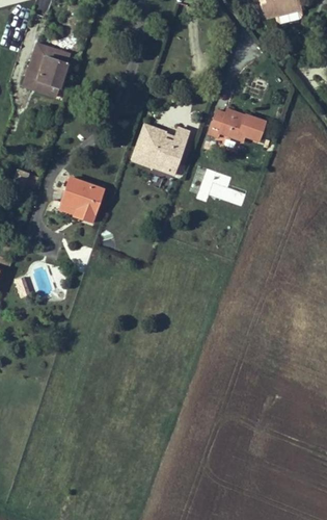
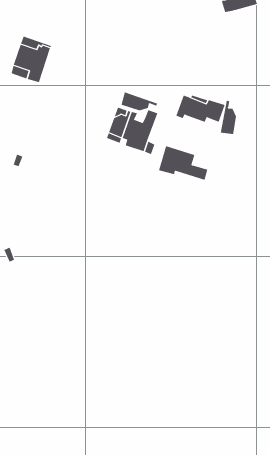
building: none -> [121,92,158,111]
building: none -> [220,100,237,135]
building: [62,178,104,220] -> none

